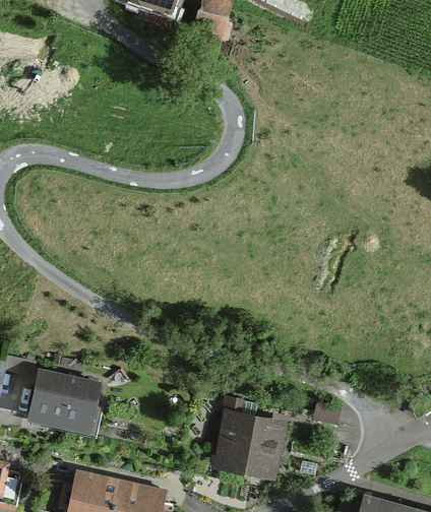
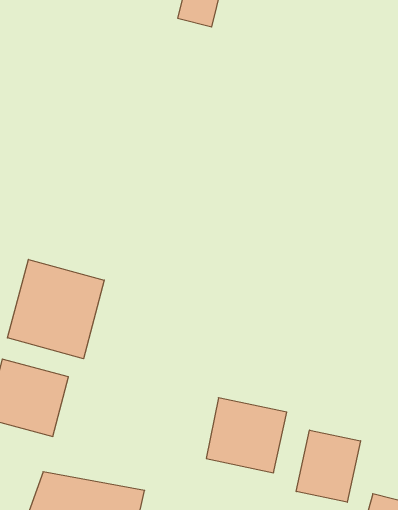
building: none -> [7,259,104,359]
building: none -> [296,430,361,502]

